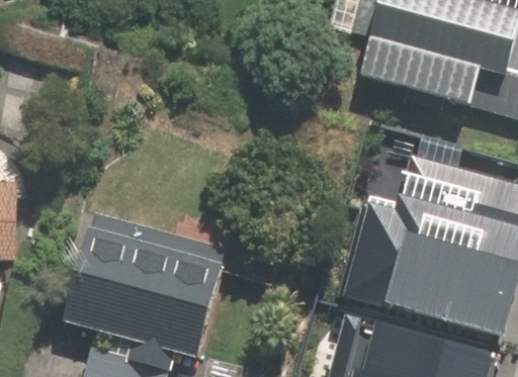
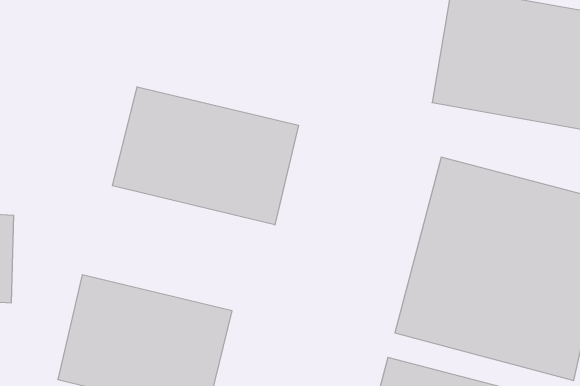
building: none -> [112,87,298,225]

